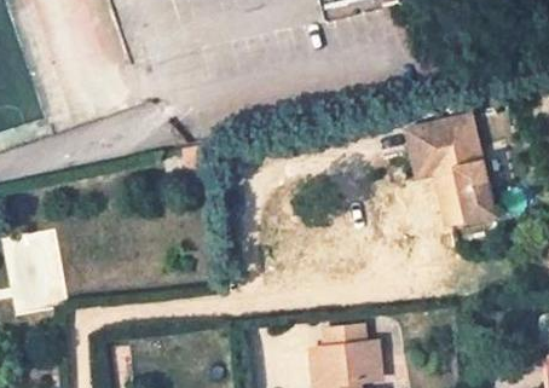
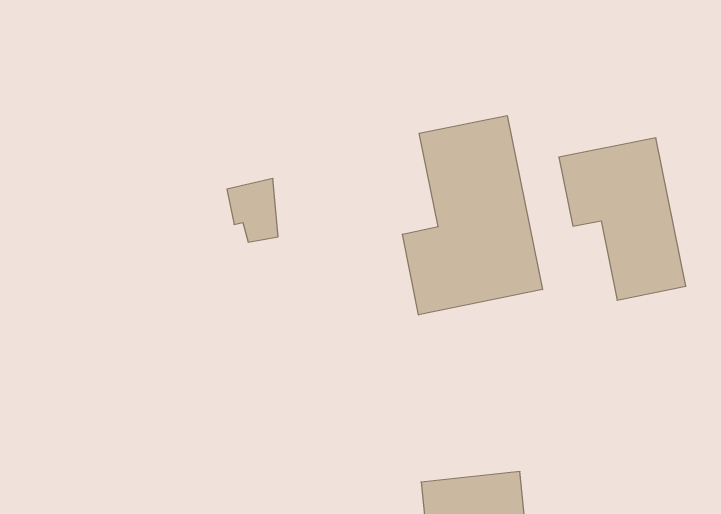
building: none -> [402,116,542,315]

